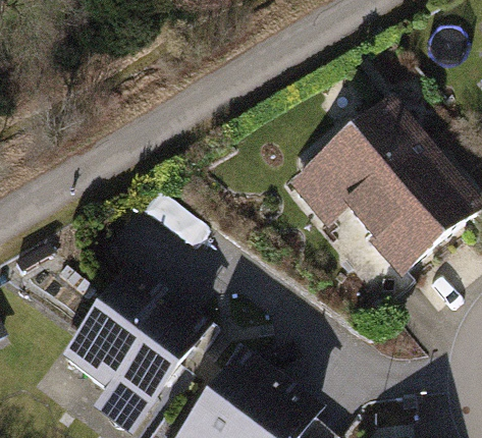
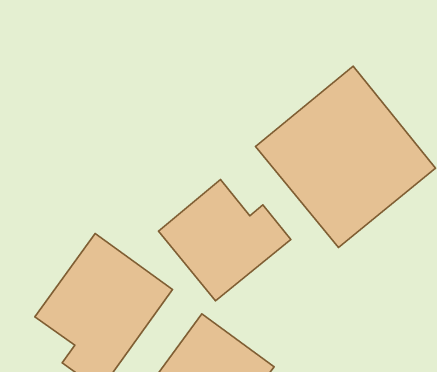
building: none -> [159,180,291,301]

